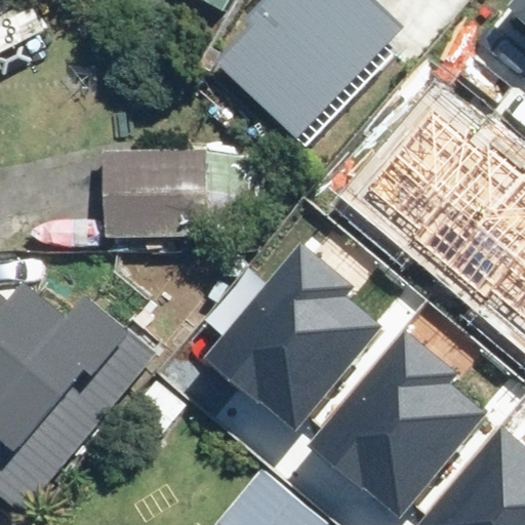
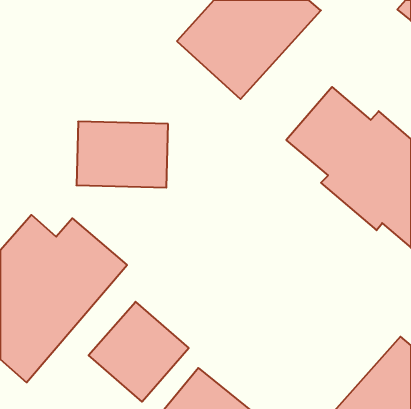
building: [206,248,382,434] -> none
building: [314,332,489,518] -> none
building: none -> [89,302,189,402]

